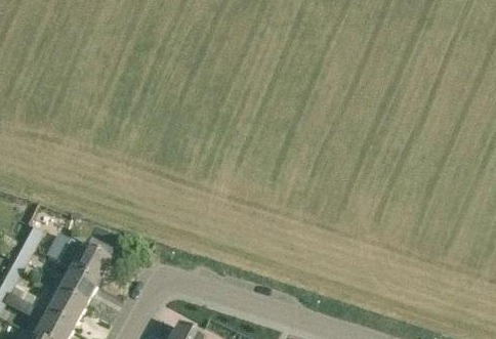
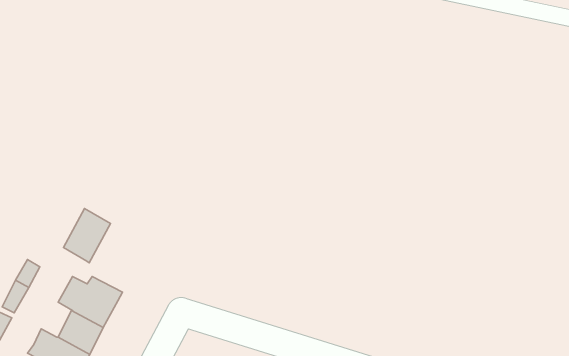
building: none -> [63,208,110,263]

